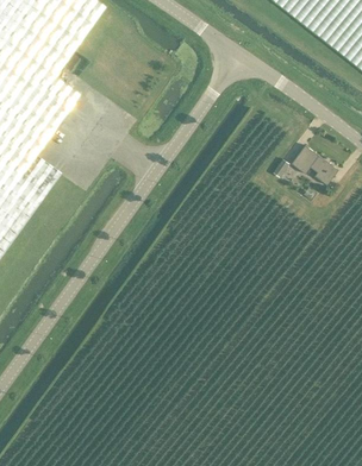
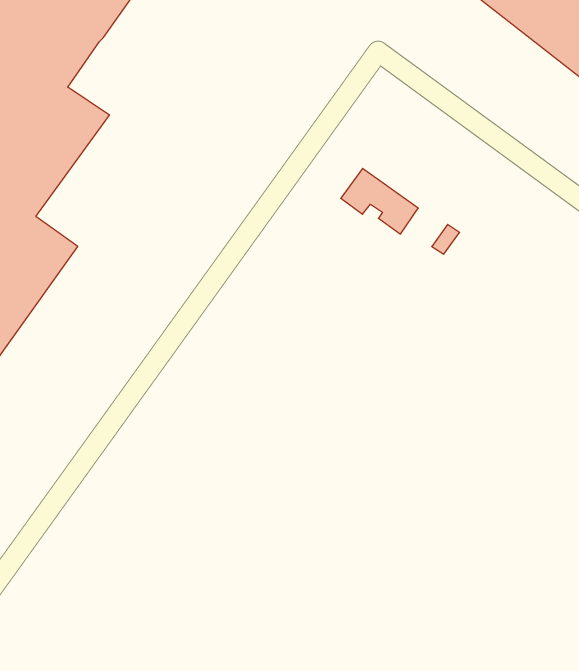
building: [292,145,338,184] -> [341,168,418,234]

